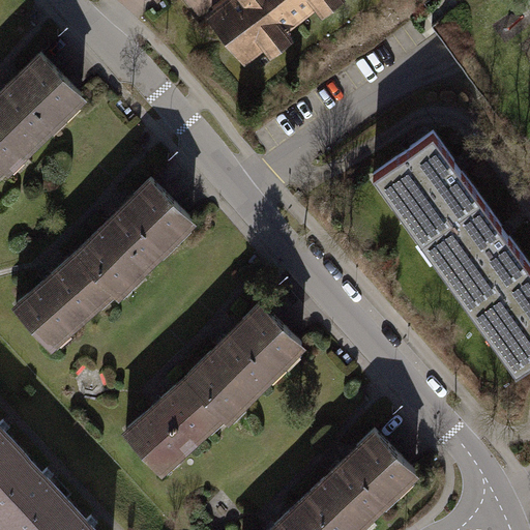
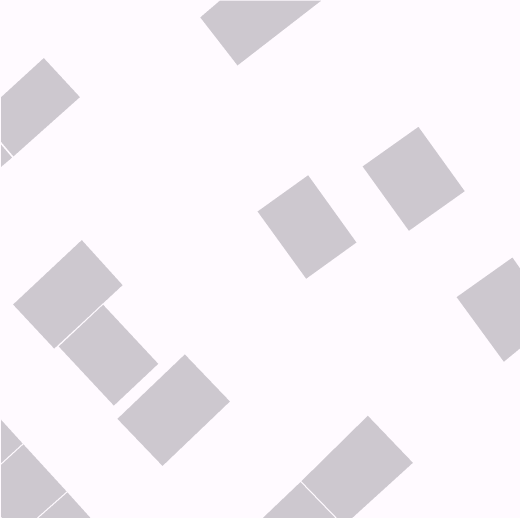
building: none -> [257,174,358,280]
building: [85,181,199,293] -> none
building: [416,198,522,305] -> none
building: [189,296,305,411] -> none
building: none -> [58,304,159,406]

